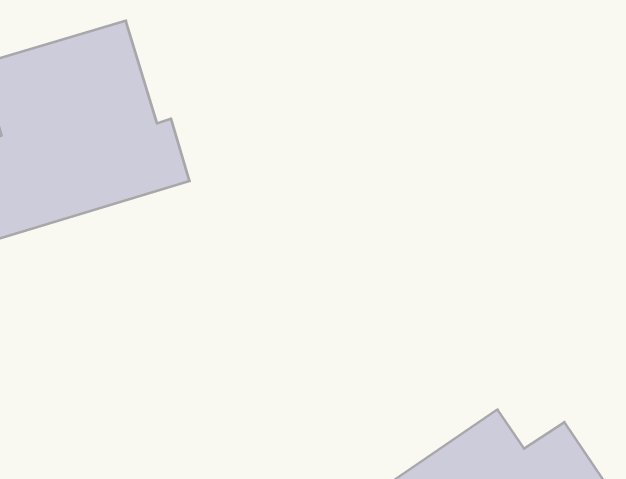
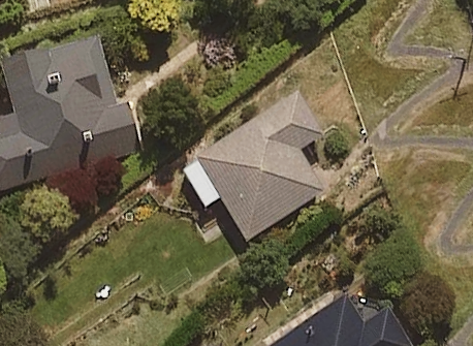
building: none -> [182,99,322,238]

